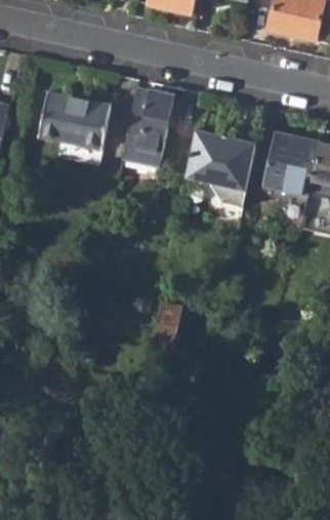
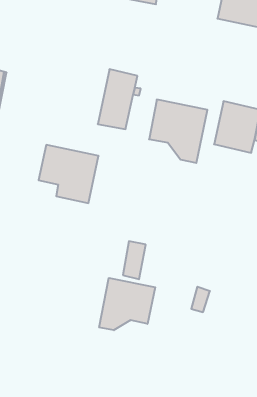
building: [39,84,112,155] -> [39,145,99,203]
building: none -> [99,278,155,330]

